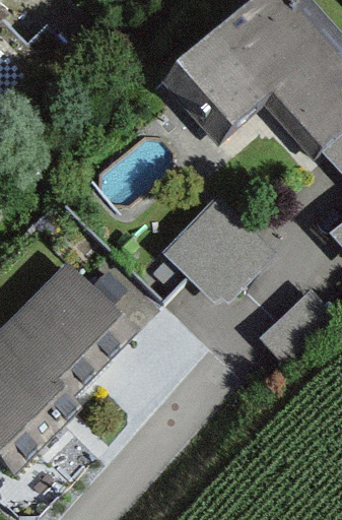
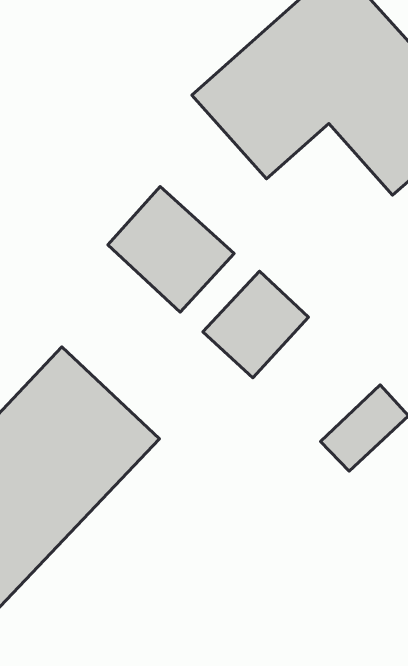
building: none -> [108,186,234,312]

